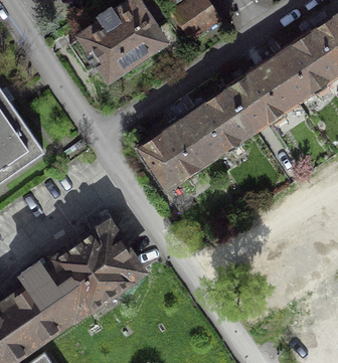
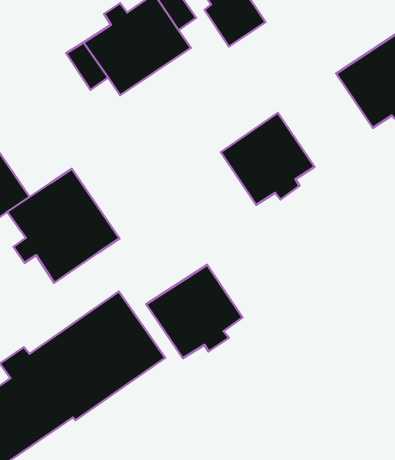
building: [226,59,297,129] -> none
building: [139,118,210,187] -> [146,265,243,358]
building: none -> [7,169,119,283]

